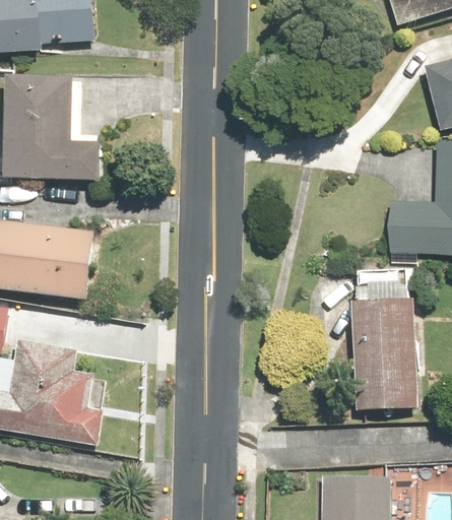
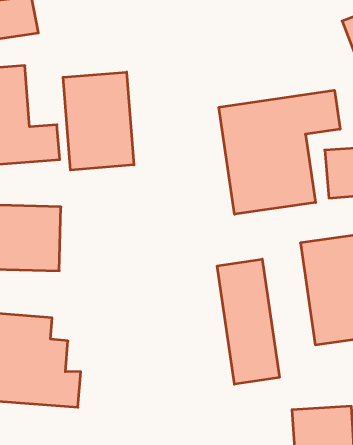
building: none -> [63,72,134,170]
building: none -> [219,90,340,214]
building: none -> [217,259,279,384]

